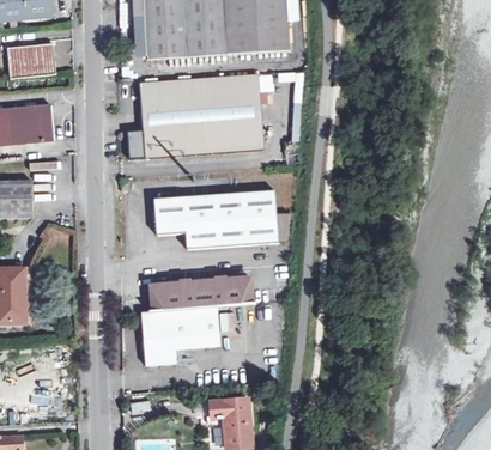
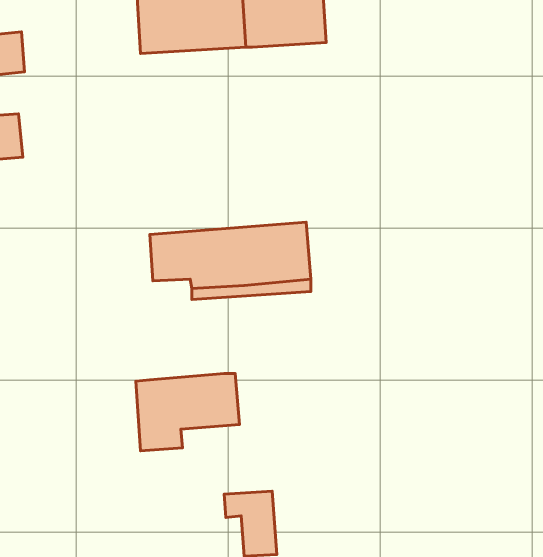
building: [138,73,269,157] -> none
building: [151,278,253,311] -> none

